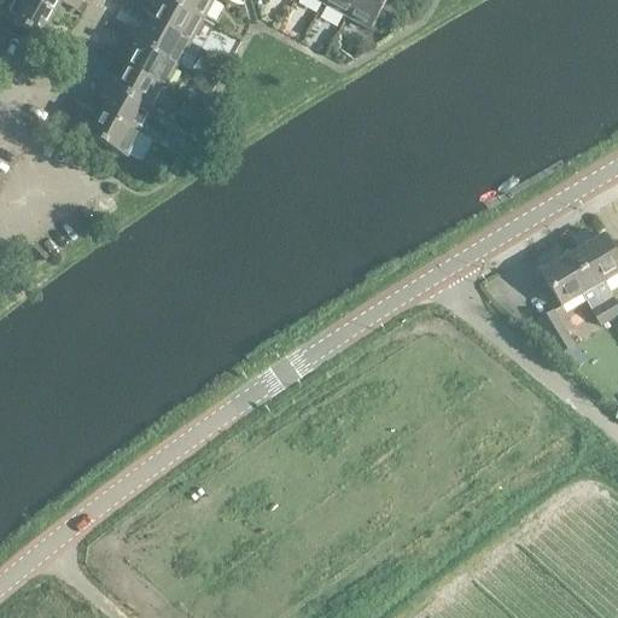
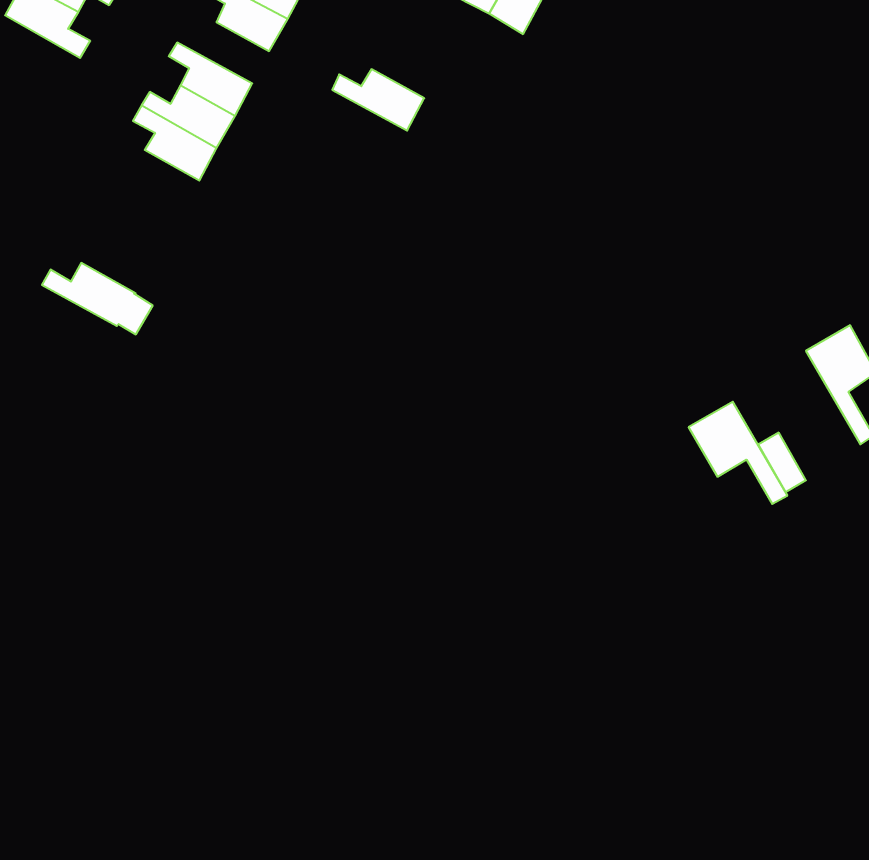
building: [127,16,192,59] -> [332,69,424,131]
building: [76,106,154,157] -> [42,263,153,334]
building: [541,249,611,321] -> [689,402,787,504]

